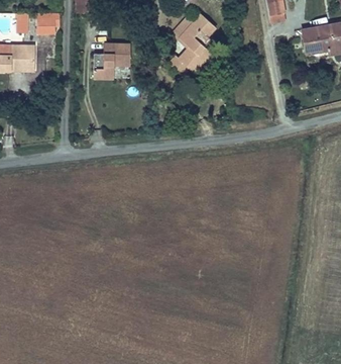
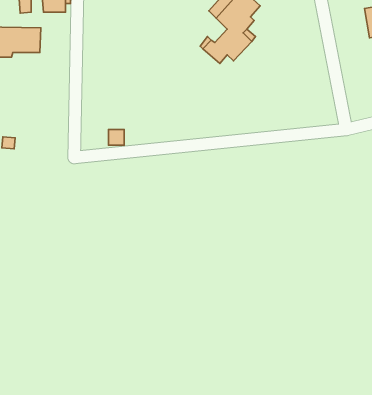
building: [93,44,130,79] -> none

